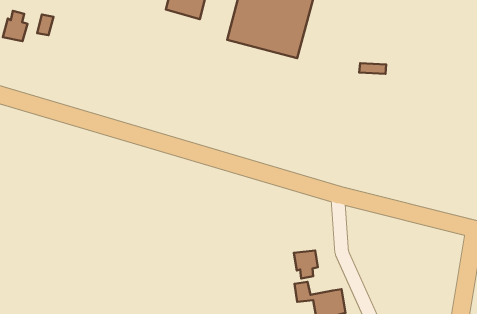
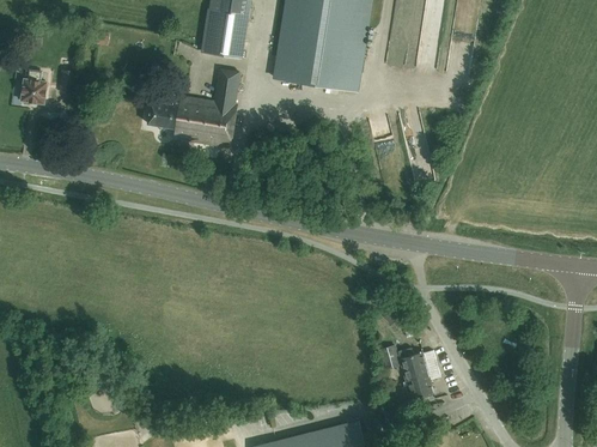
building: none -> [147,68,239,145]
building: [294,250,318,278] -> none

